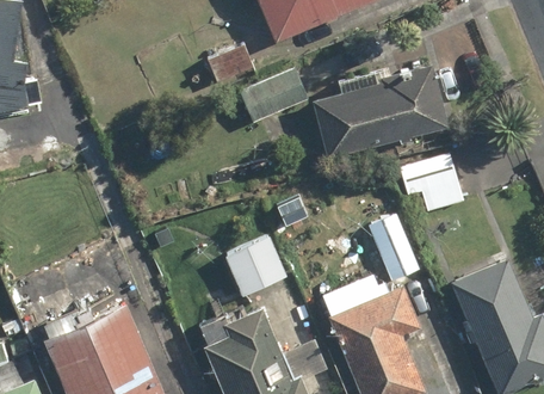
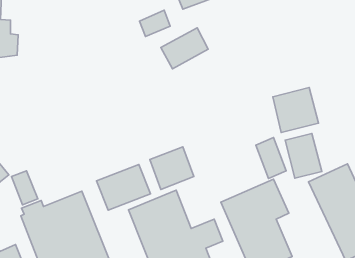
building: [313,73,447,156] -> none
building: none -> [285,134,322,178]
building: none -> [96,165,151,210]

